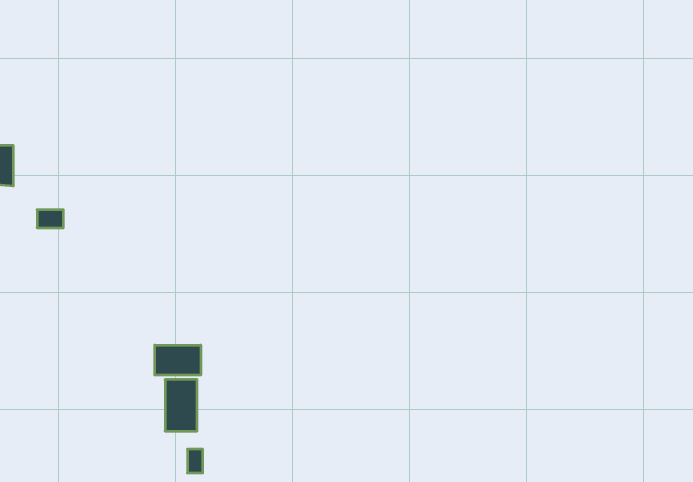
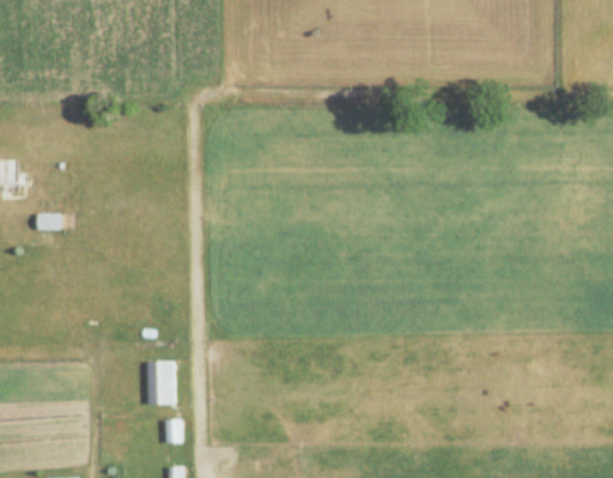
building: [155,345,201,375] -> none

